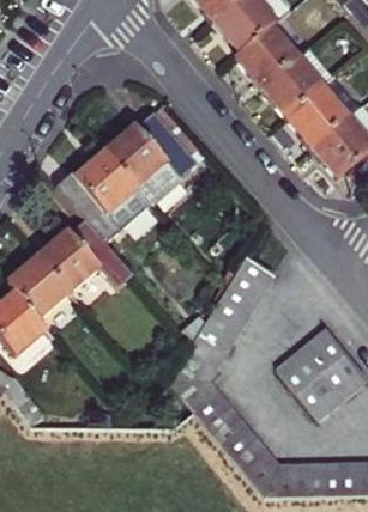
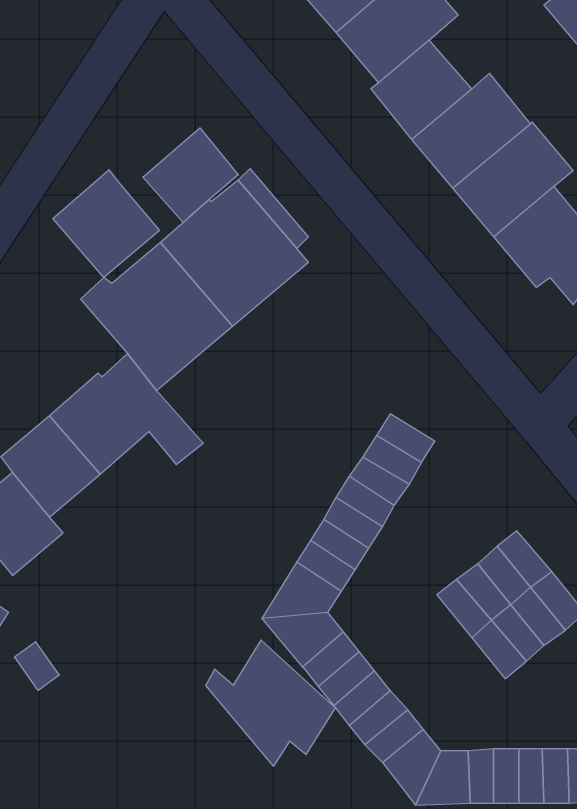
building: none -> [143,128,238,223]
building: none -> [53,170,160,278]
building: none -> [206,640,335,766]

